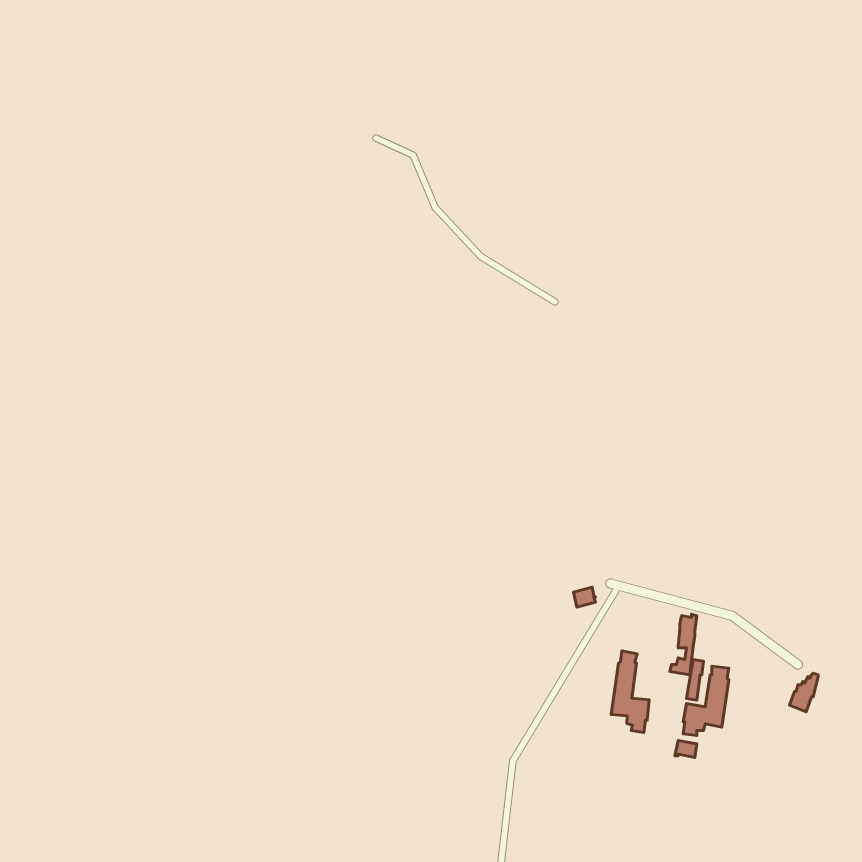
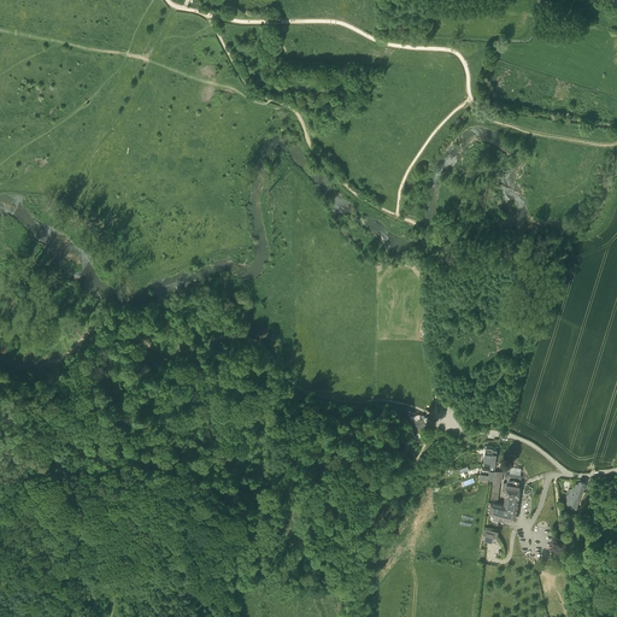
building: [611,651,649,733] -> none

